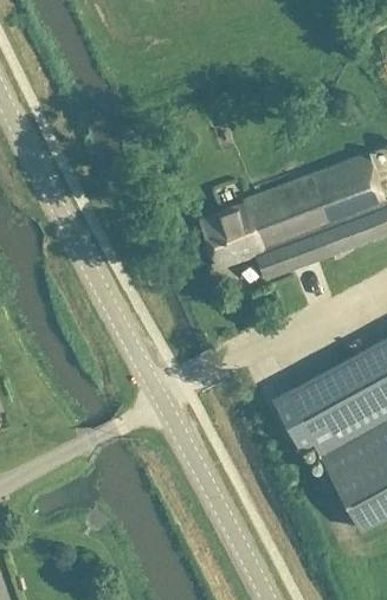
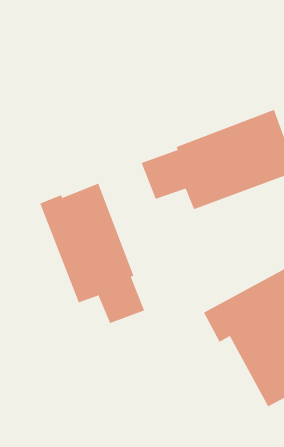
building: none -> [39,183,145,324]

